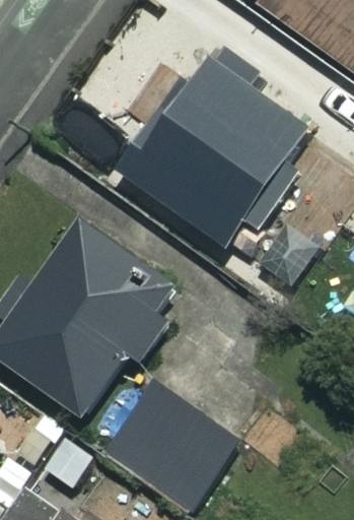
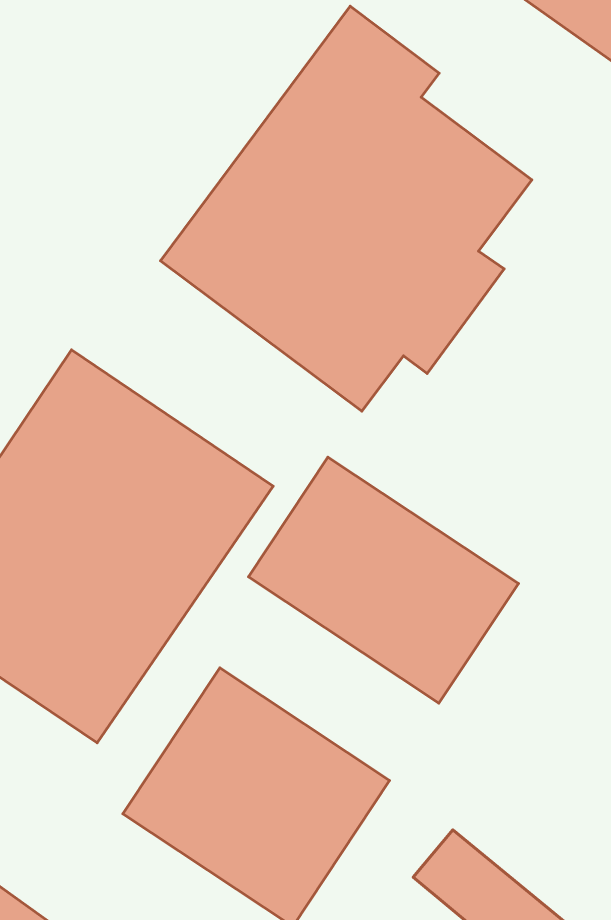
building: none -> [248,457,518,703]

